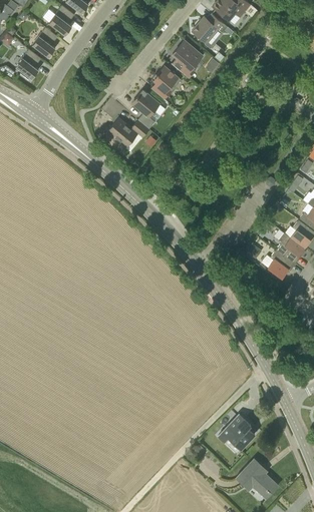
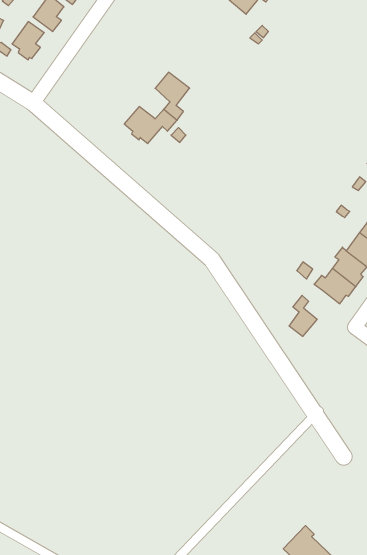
building: [173,42,203,77] -> none
building: [151,64,182,98] -> none
building: none -> [289,295,317,336]
building: [219,413,255,453] -> none

